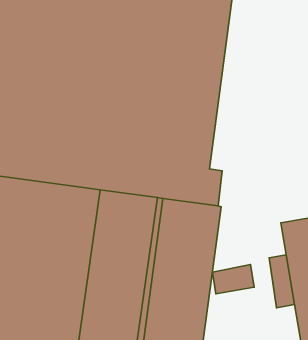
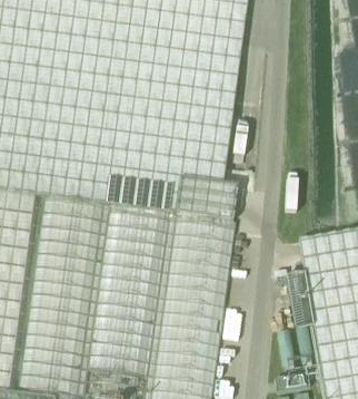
building: [212,264,254,294] -> none

